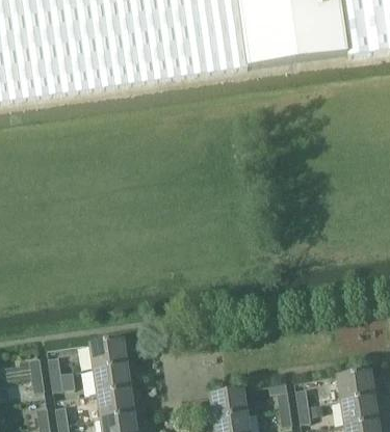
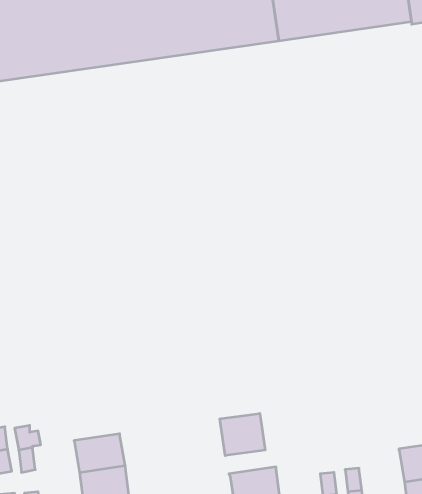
building: [87,338,126,369] -> none
building: none -> [220,413,265,456]

